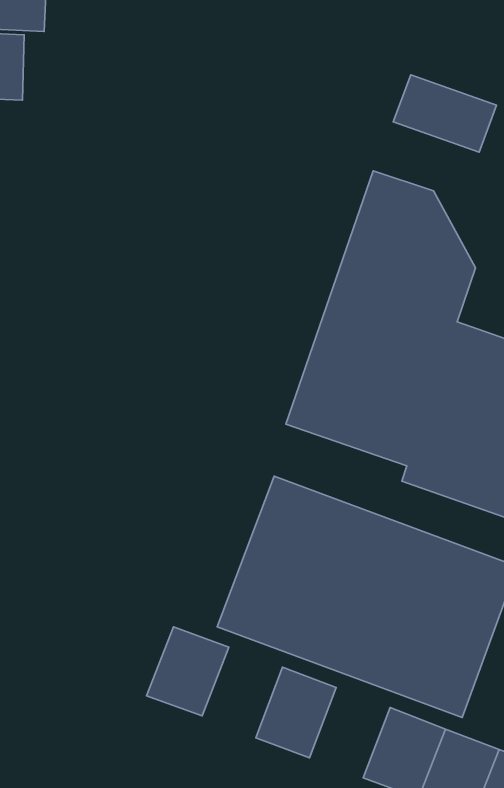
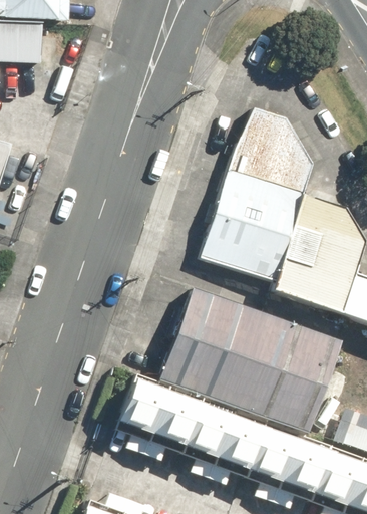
building: [393,75,497,152] -> none
building: none -> [150,390,199,444]
building: none -> [215,414,263,468]

